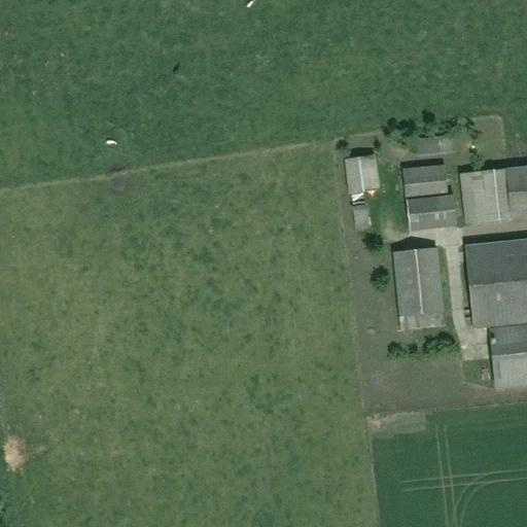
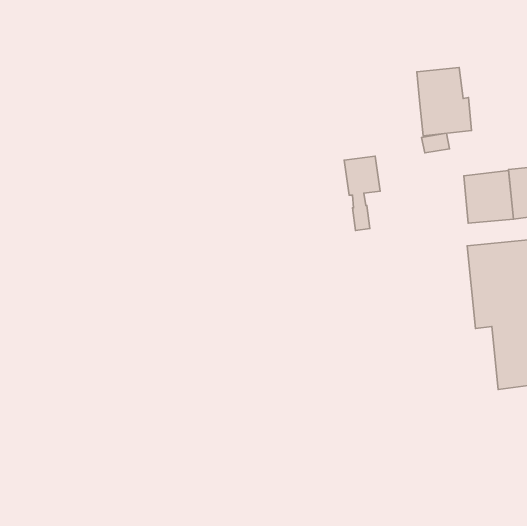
building: [402,164,457,232] -> [417,68,472,136]
building: [393,247,445,315] -> none

